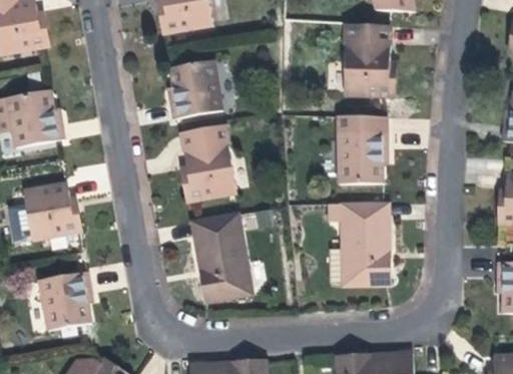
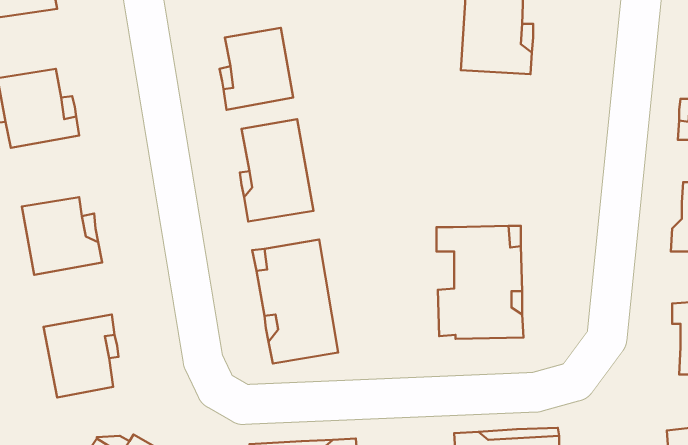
building: [338,116,389,184] -> none

